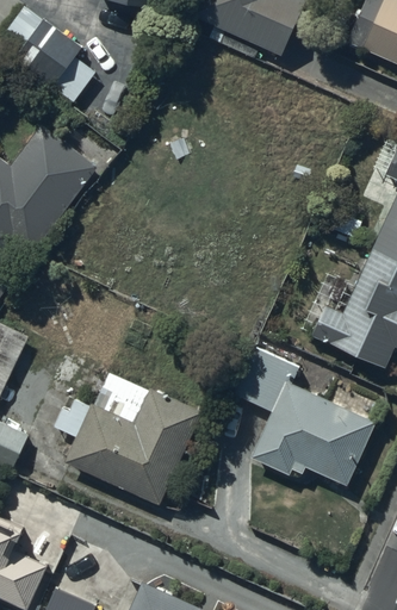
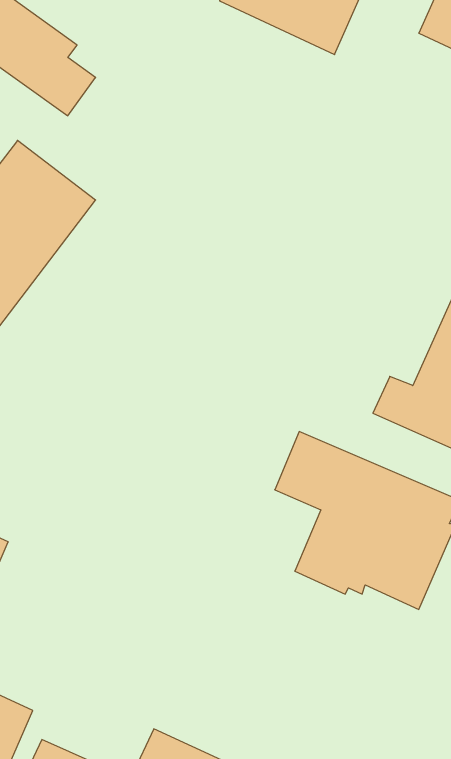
building: [52,374,203,505] -> none

